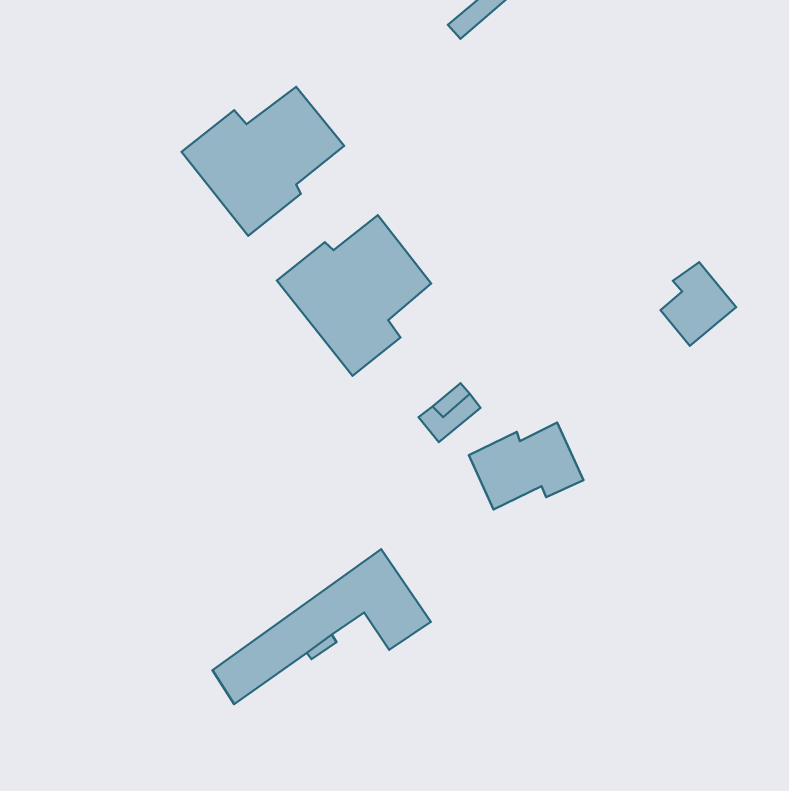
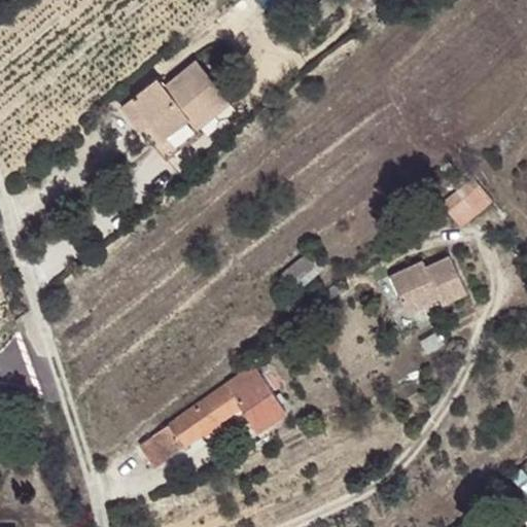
building: [277,215,431,376] -> none
building: [469,423,583,509] -> [387,258,463,316]

